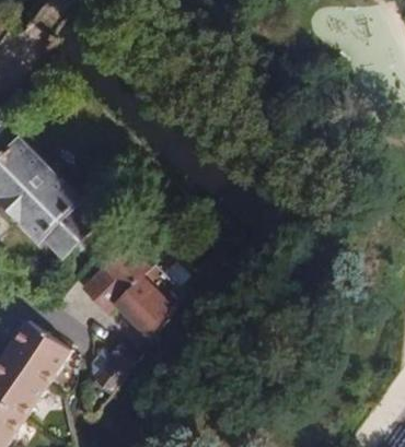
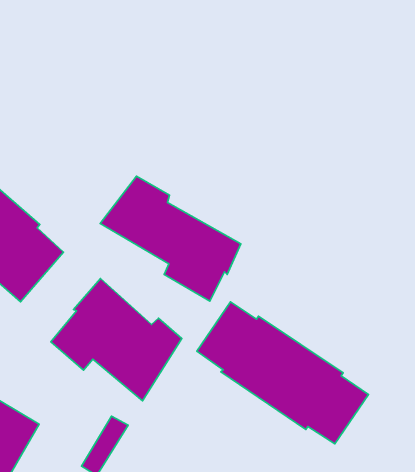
building: none -> [100,176,241,301]
building: none -> [197,302,368,444]

